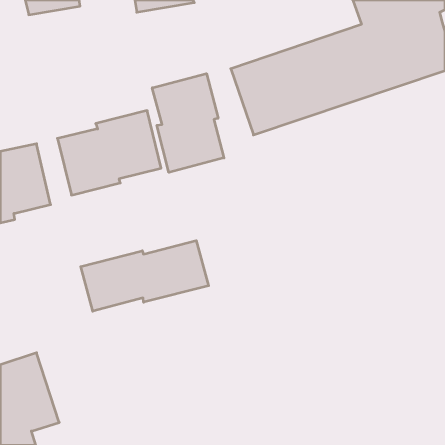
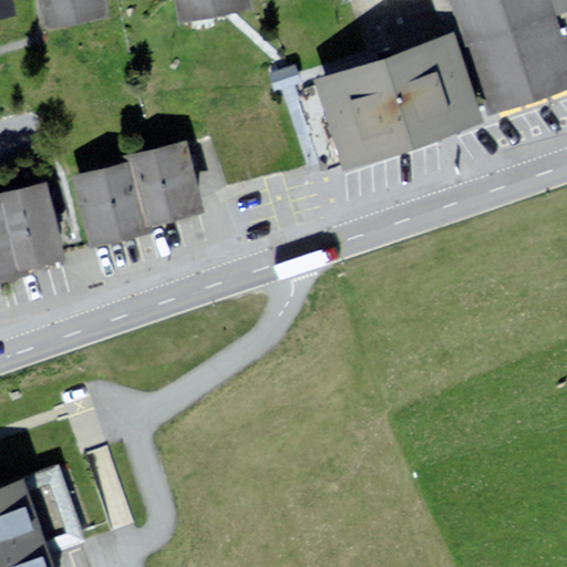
building: [152,74,224,172] -> none
building: [81,241,209,311] -> none

